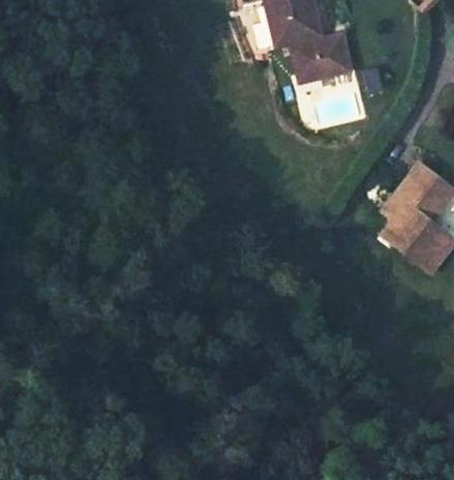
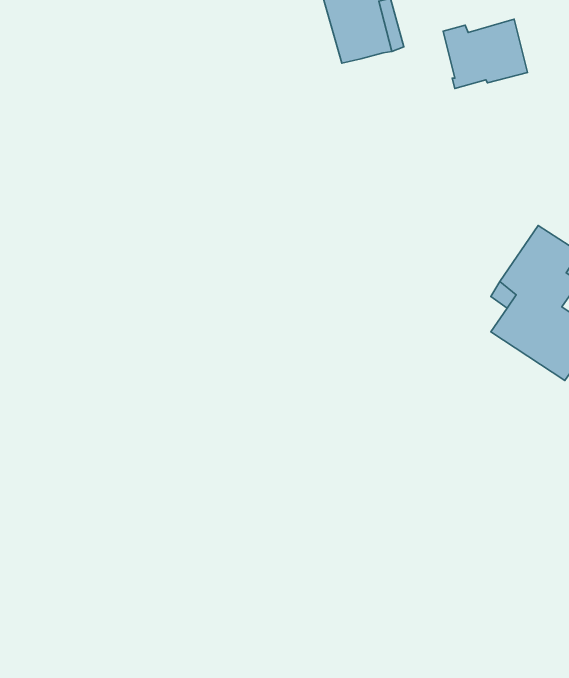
building: [291,36,350,85] -> [443,19,527,89]

